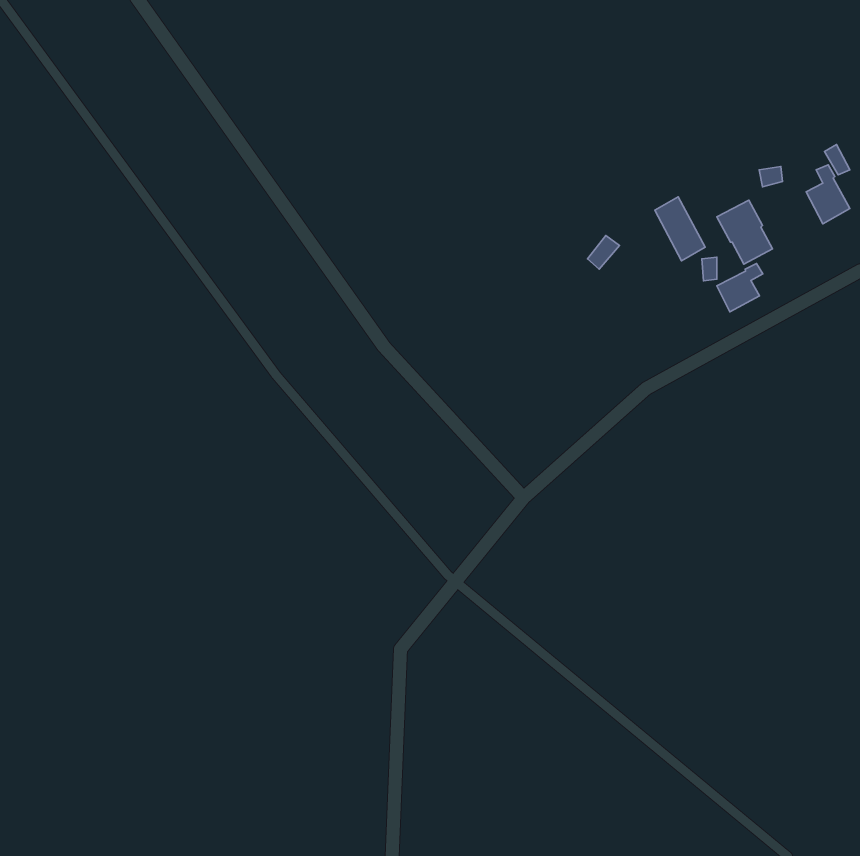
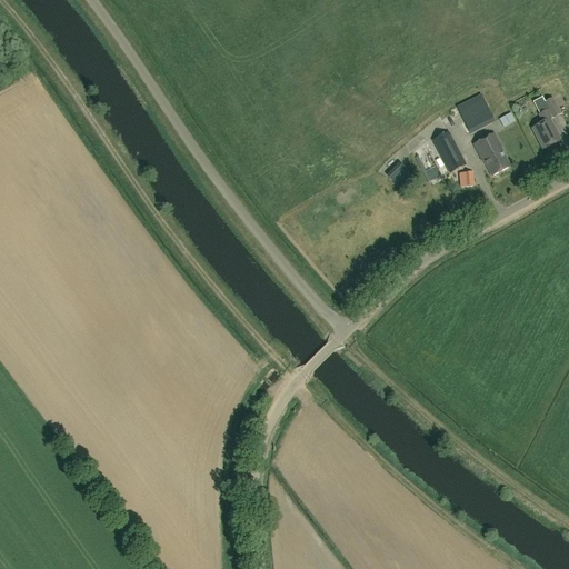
building: none -> [457,92,495,132]
building: [717,264,763,312] -> none

